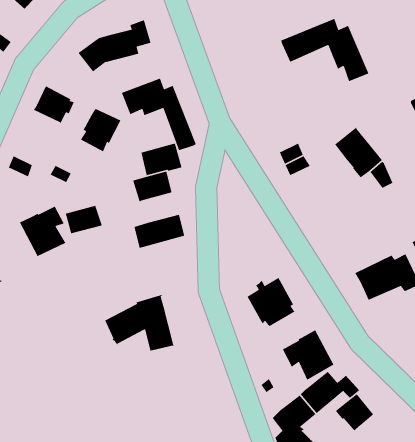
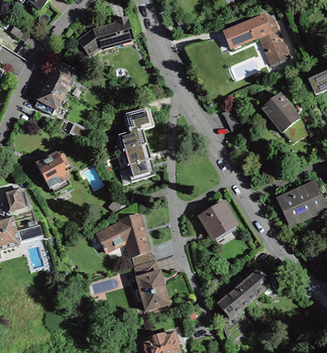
building: [121,78,197,151] -> none
building: [80,108,122,152] -> [34,82,65,114]
building: [65,205,103,234] -> [124,141,151,162]
building: [282,329,334,381] -> none
building: none -> [136,259,168,310]
building: [335,393,374,432] -> none

